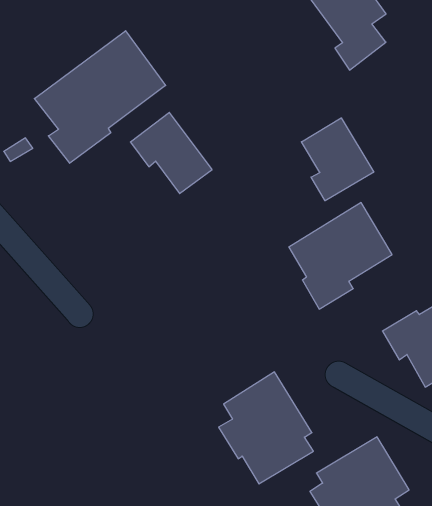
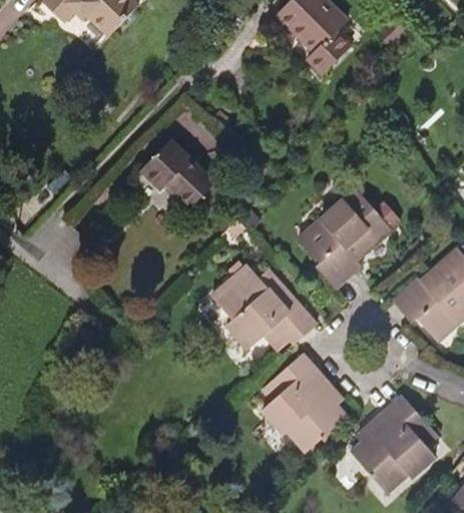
building: [34,31,166,163] -> none
building: [301,118,374,201] -> none
building: none -> [210,264,319,352]

